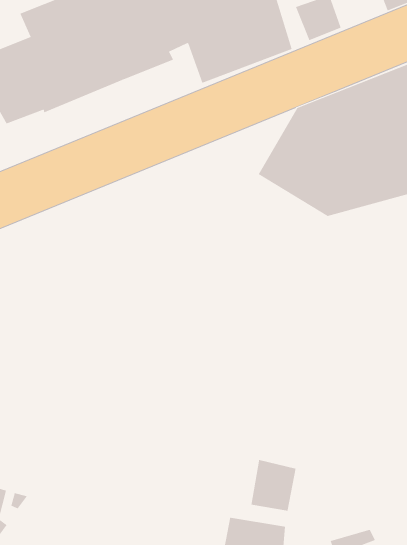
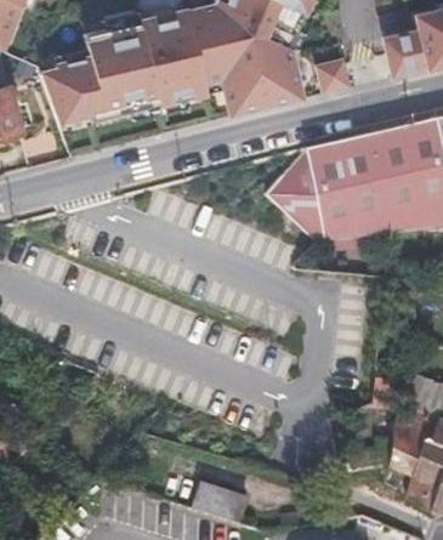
building: [251,459,296,512] -> none

